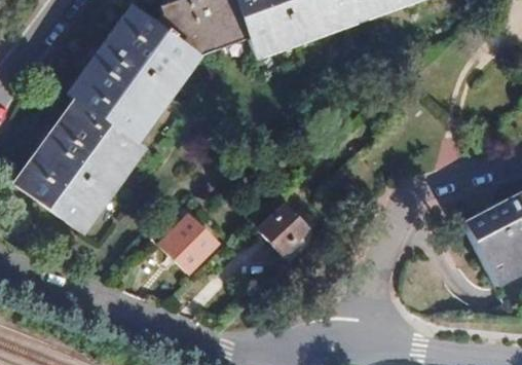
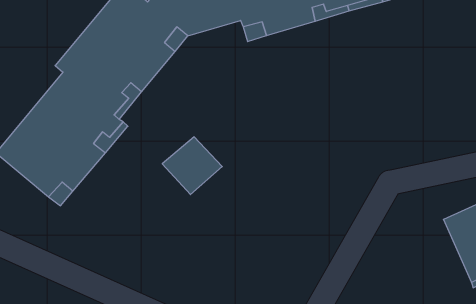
building: [261,206,310,255] -> none
building: [160,216,220,273] -> [162,137,222,195]

